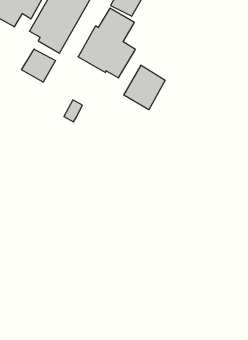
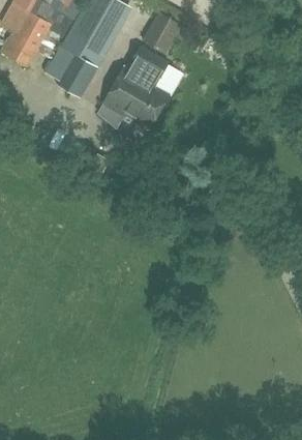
building: [22,49,56,82] -> none
building: [124,65,165,110] -> none

